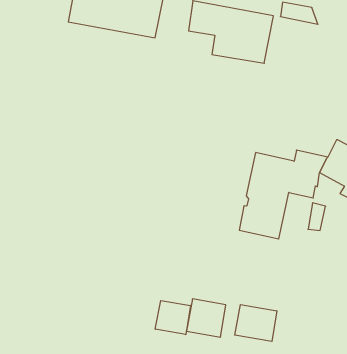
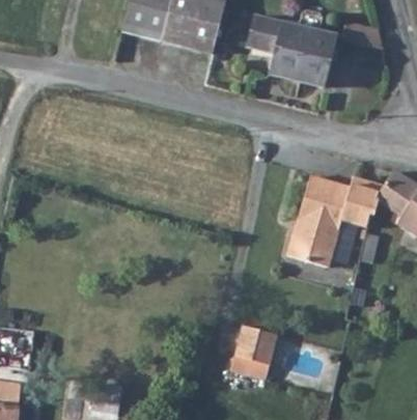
building: [155,301,190,335] -> none
building: [235,305,277,341] -> none

